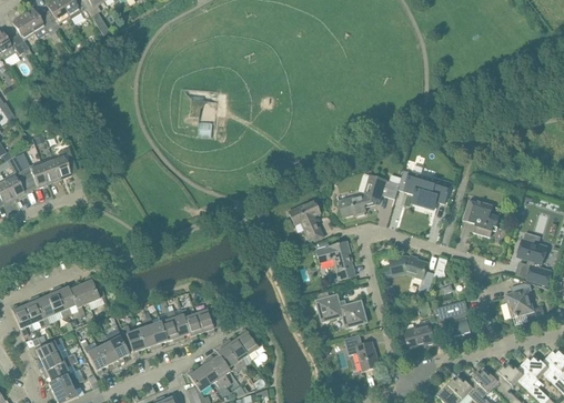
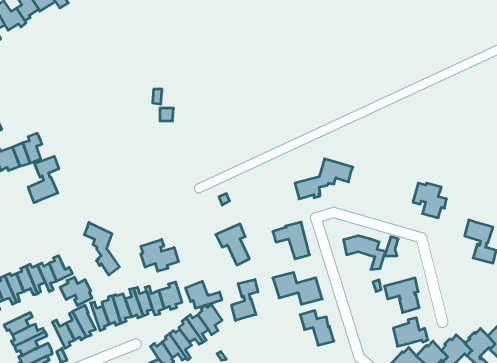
building: [397,164,451,210] -> none
building: none -> [28,156,59,203]
building: [288,200,323,243] -> [216,224,249,265]
building: none -> [84,222,119,275]
building: none -> [141,239,178,271]
building: [506,282,544,320] -> none
building: none -> [60,277,92,306]
building: none -> [232,279,258,321]
building: none -> [186,281,222,308]
building: [404,319,441,349] -> [393,318,428,346]

